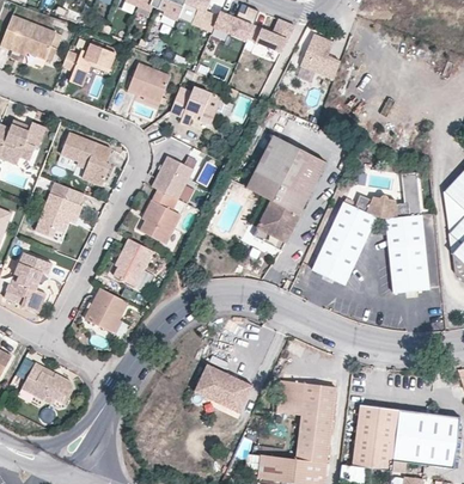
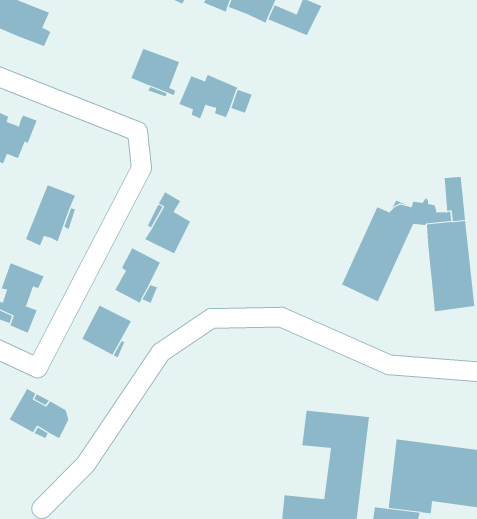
building: [299,35,340,80] -> none
building: [61,43,115,86] -> none
building: [60,133,111,185] -> none
building: [245,135,325,250] -> none
building: [151,157,193,200] -> none
building: [191,363,252,413] -> none

